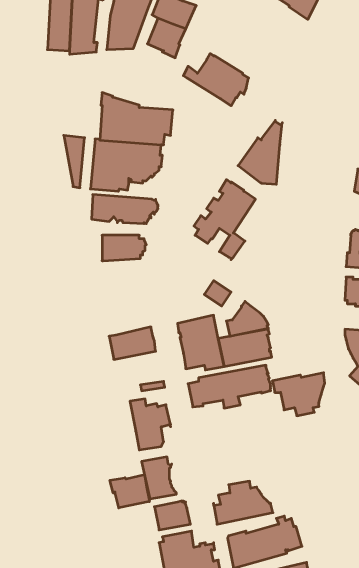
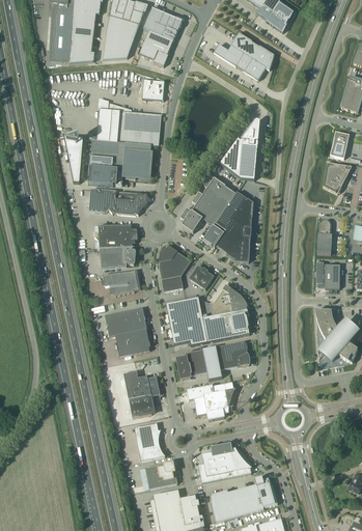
building: [183,54,249,106] -> [215,33,273,80]
building: none -> [216,192,253,261]
building: none -> [160,245,191,291]
building: none -> [100,246,136,269]
building: none -> [103,271,139,297]
building: none -> [115,329,150,357]
building: [272,373,325,416] -> [187,382,233,420]
building: [110,474,149,508] -> none

